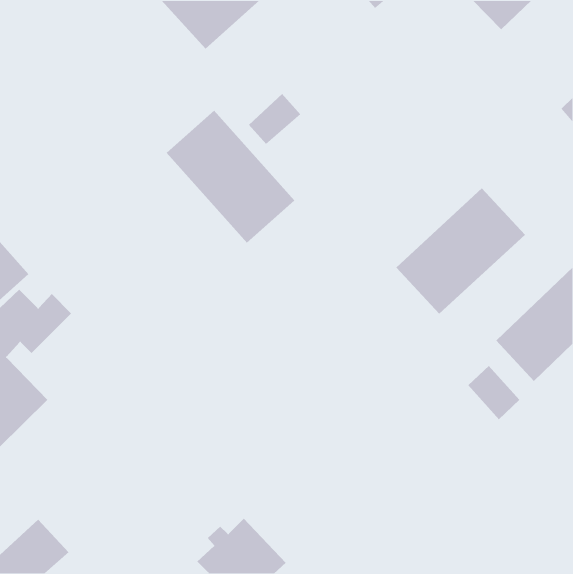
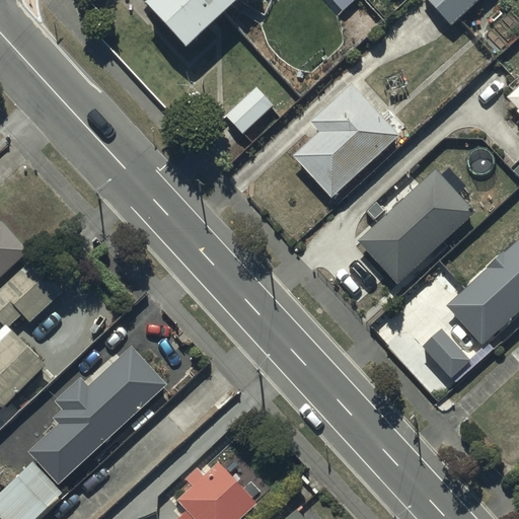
building: none -> [292,78,397,193]
building: [166,110,295,244] -> none
building: none -> [27,346,167,486]

